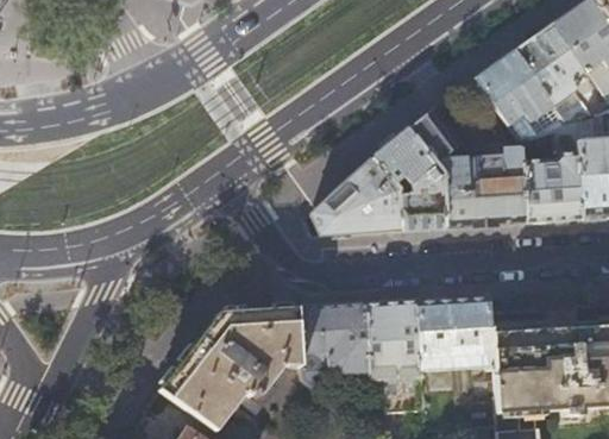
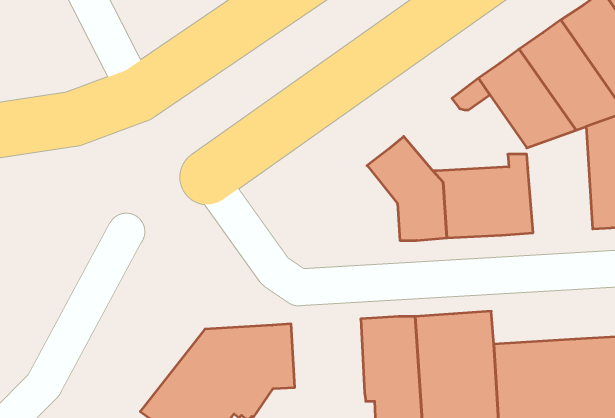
building: [406,109,462,164] -> none
building: [522,123,583,222] -> none
building: [312,159,402,236] -> none
building: [300,303,369,388] -> none

